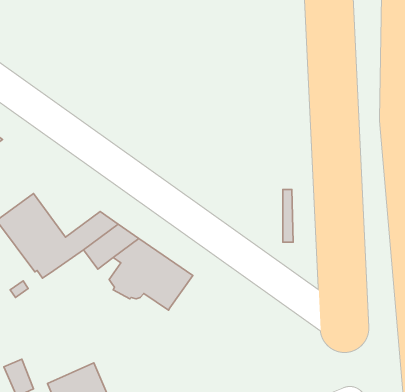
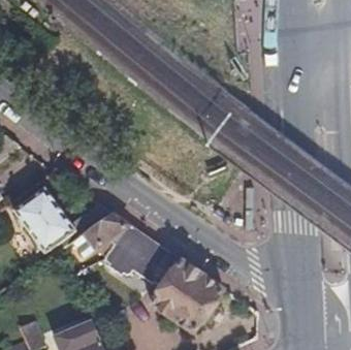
building: none -> [151,252,223,329]

